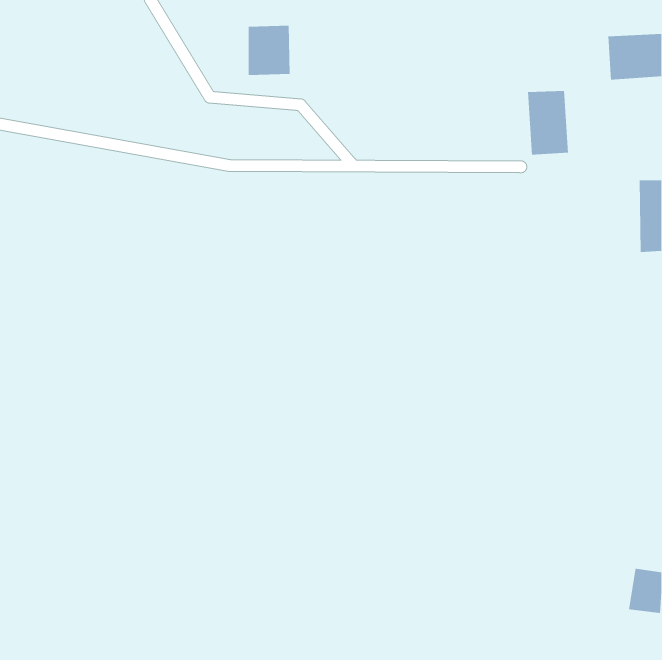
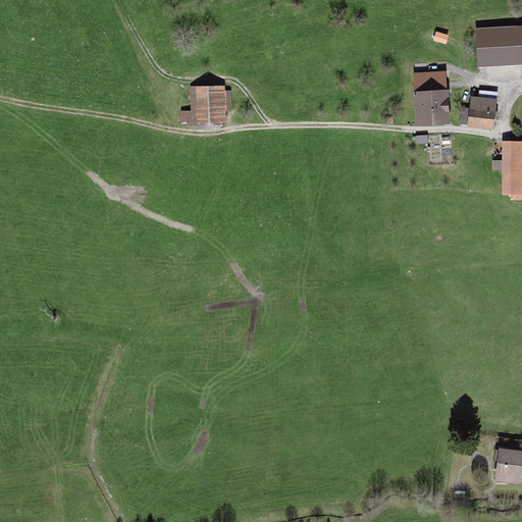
building: [248,25,291,76] -> [192,85,225,124]
building: none -> [469,90,493,126]

